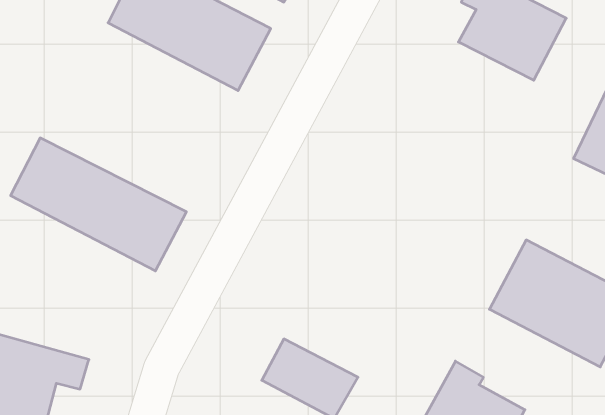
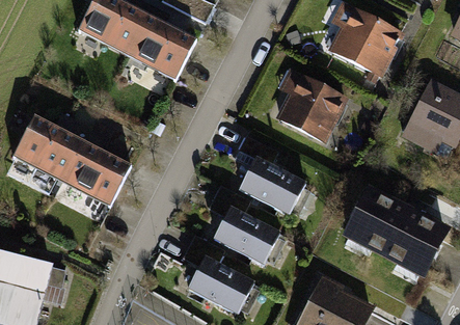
building: none -> [276,66,347,142]
building: none -> [239,159,305,215]
building: none -> [217,207,283,264]

